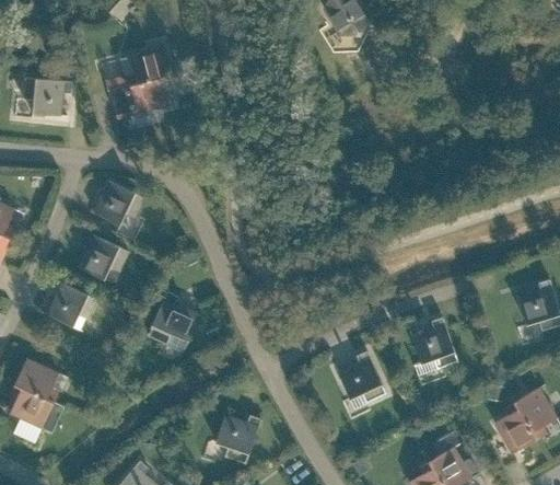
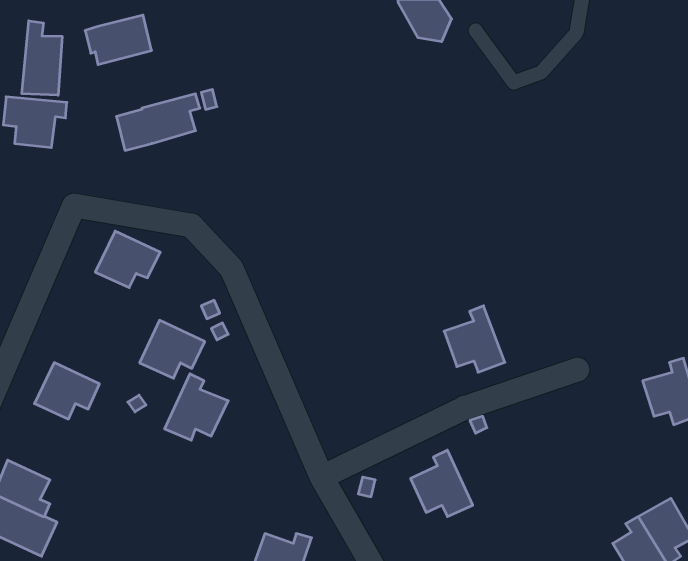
building: none -> [22,21,62,95]
building: [120,47,172,85] -> [85,15,152,65]
building: [79,234,129,279] -> [140,320,205,378]
building: [411,316,458,368] -> [444,306,505,372]

